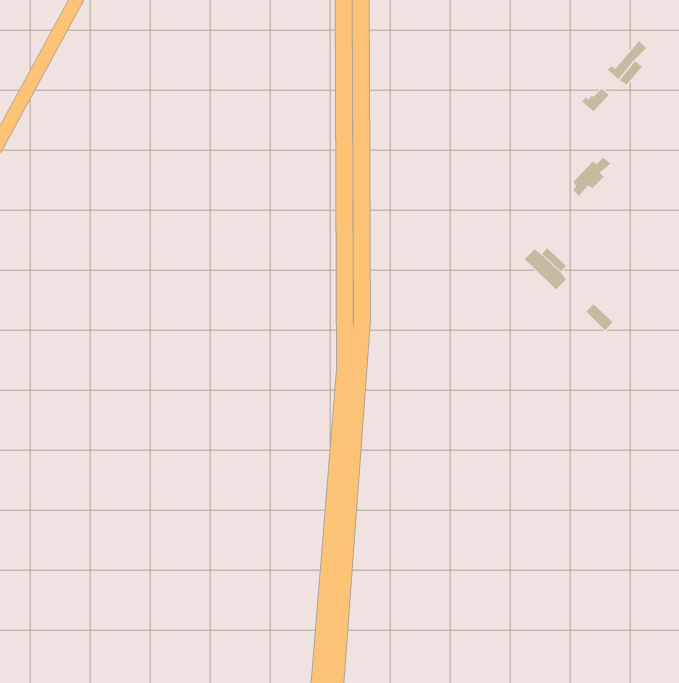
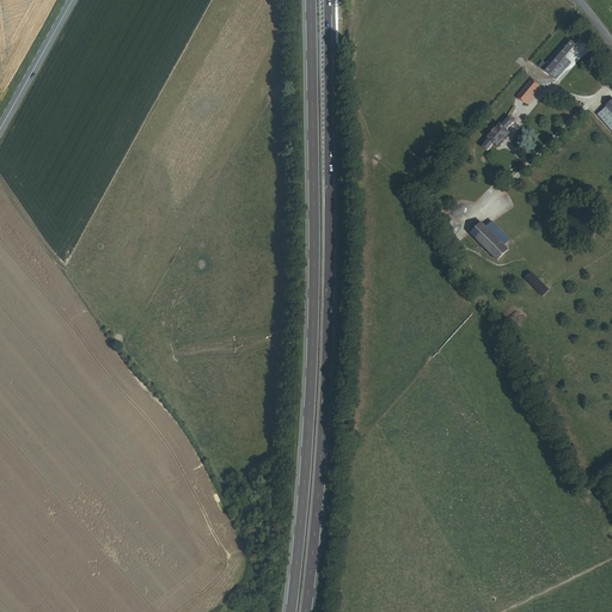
building: [572,157,611,197] -> [483,114,518,149]

